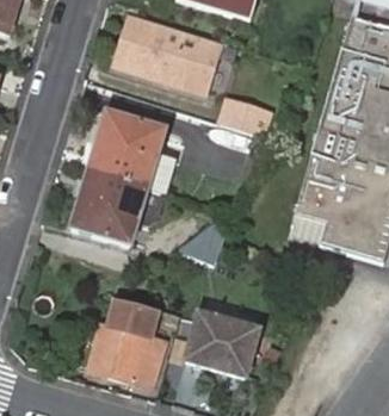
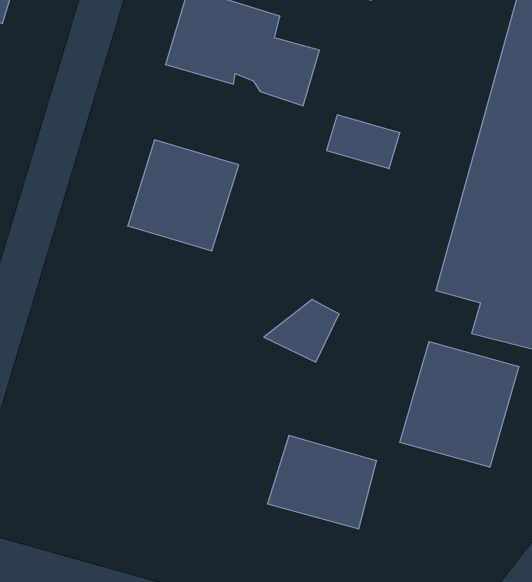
building: [73,172,147,243] -> none
building: none -> [400,342,519,467]
building: [89,298,162,387] -> none

